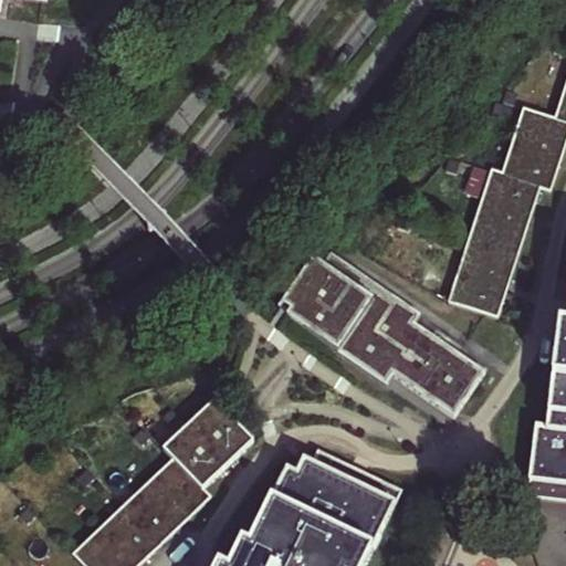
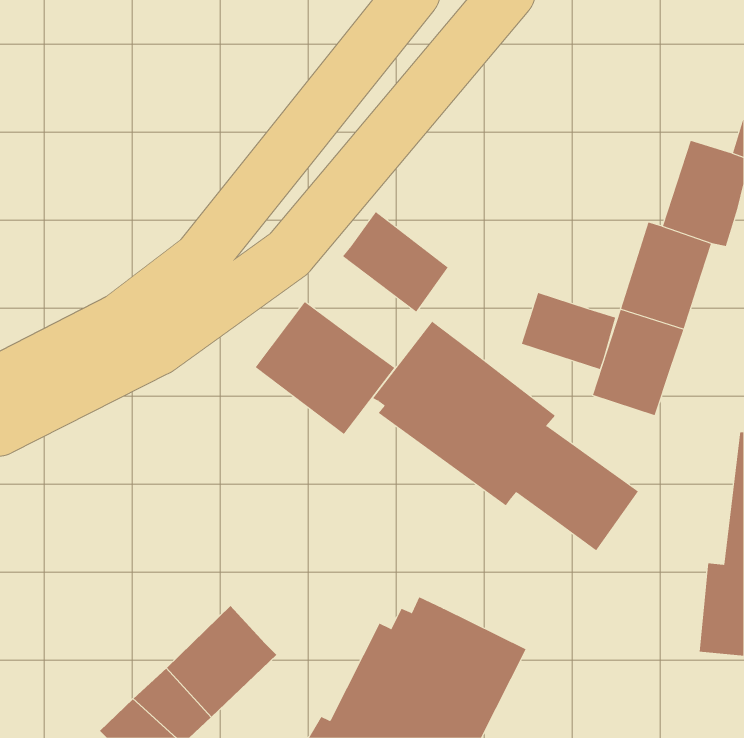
building: none -> [342,211,449,312]
building: none -> [521,292,616,370]
building: none -> [255,301,395,435]
building: [167,405,250,488] -> none

